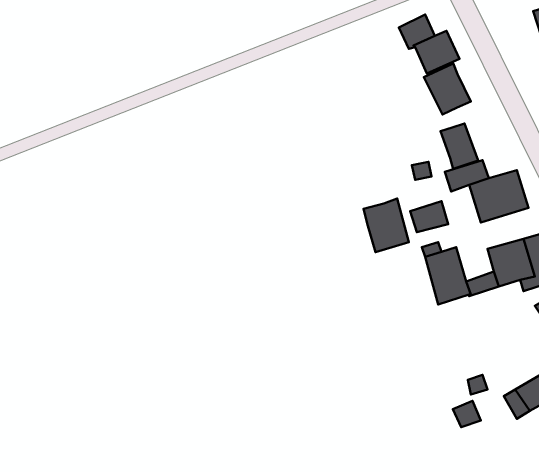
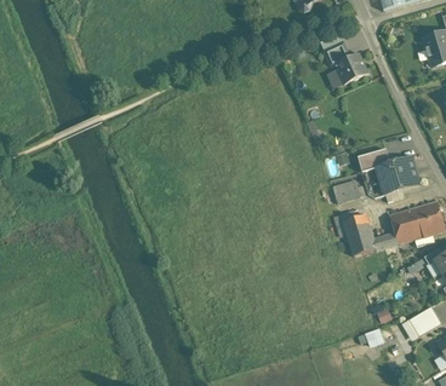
building: [424,63,471,114] -> none
building: [441,123,478,169] -> none
building: [364,199,409,252] -> none

